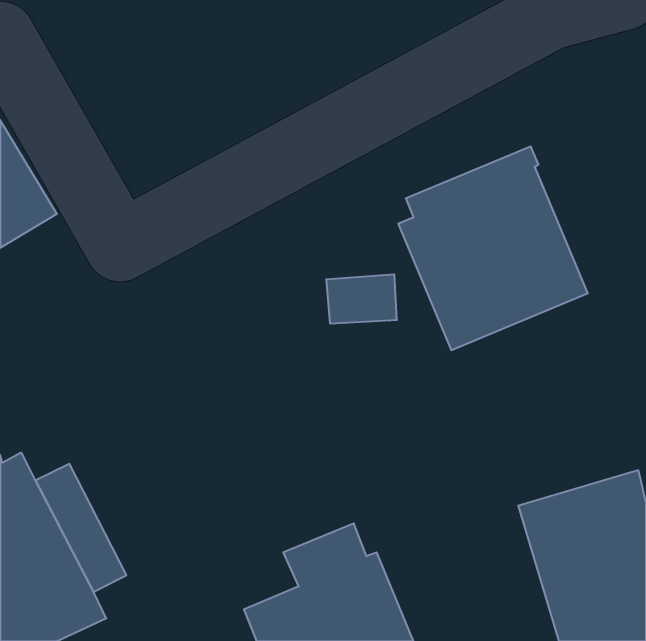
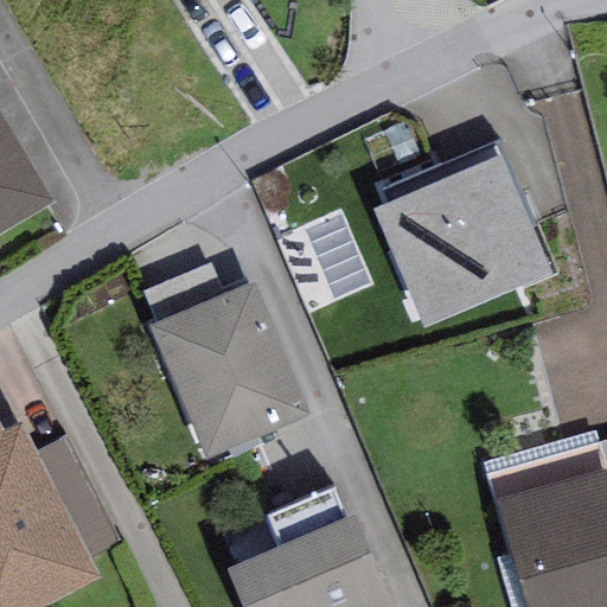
building: none -> [148,282,311,462]

